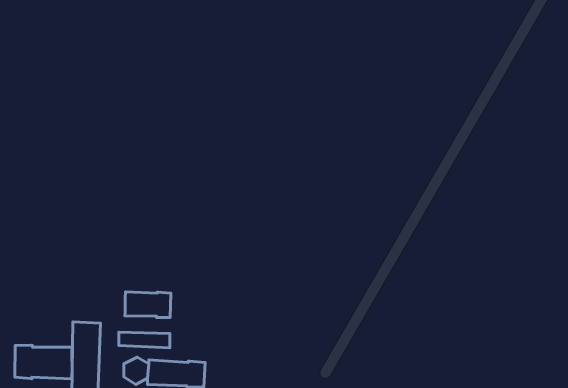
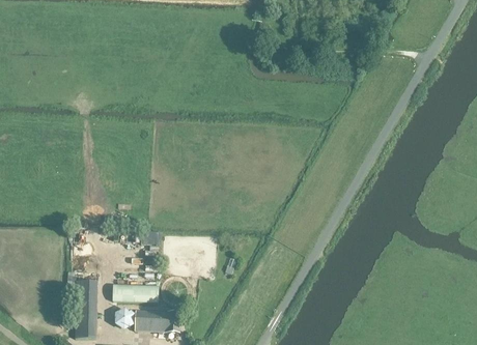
building: [125,292,171,318] -> none
building: [15,345,72,379] -> none

